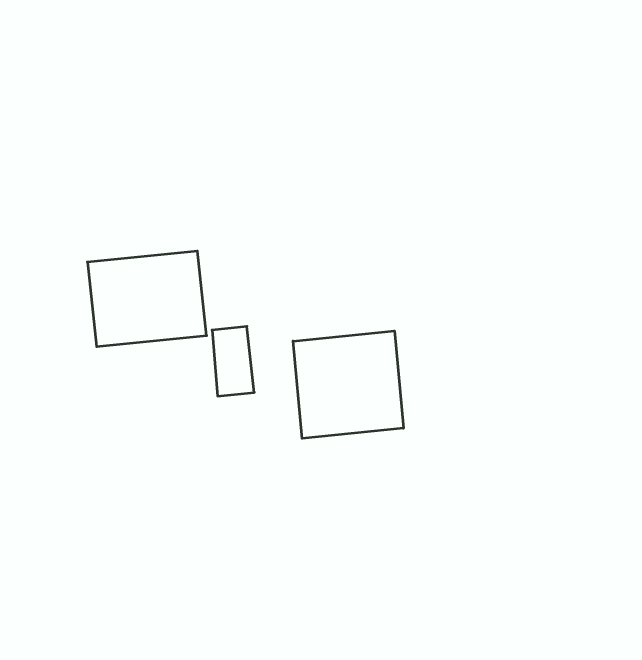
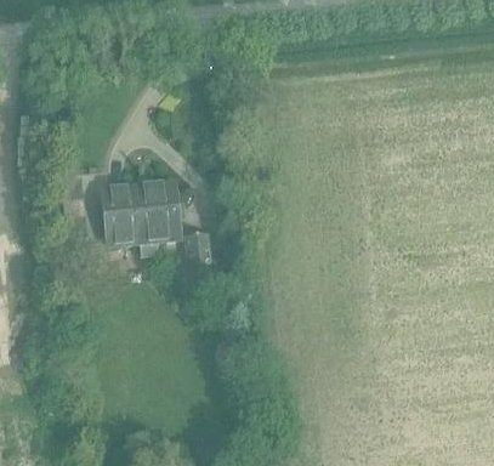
building: [293,331,403,438] -> none

